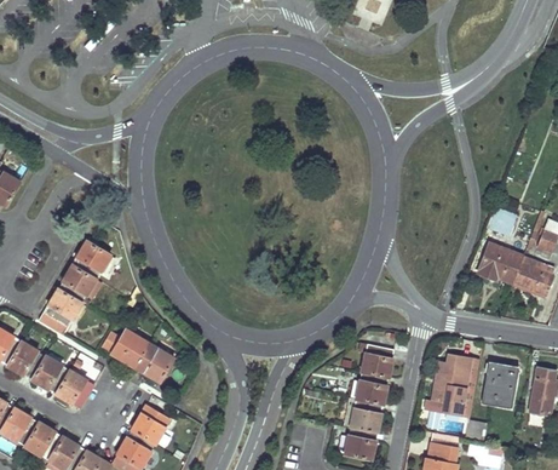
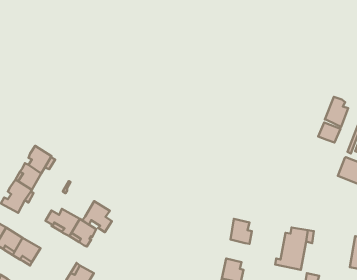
building: none -> [325,97,348,127]
building: [478,243,523,282] -> none
building: none -> [83,201,112,232]
building: [482,361,516,405] -> none
building: [356,372,386,405] -> none

